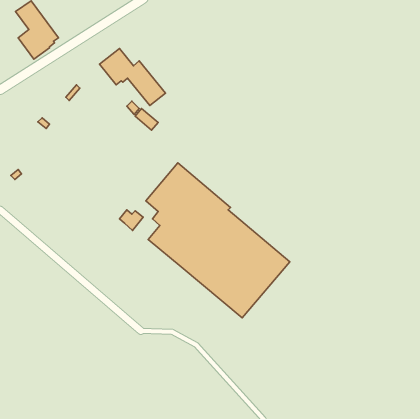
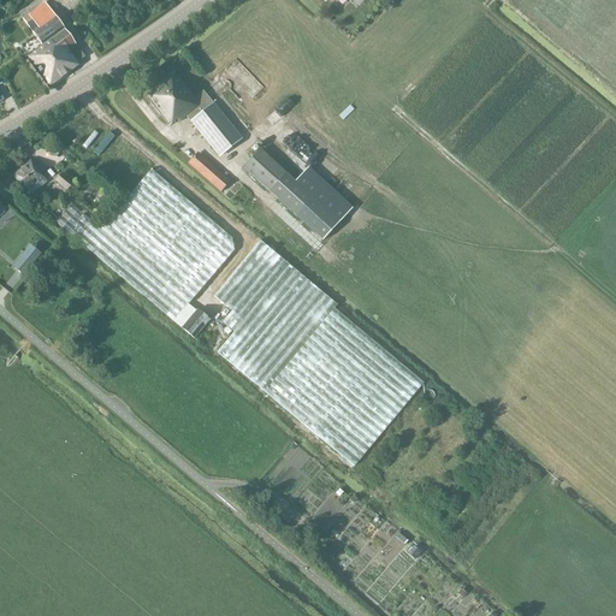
building: none -> [245,147,354,238]
building: none -> [14,160,48,194]
building: none -> [58,168,233,319]

